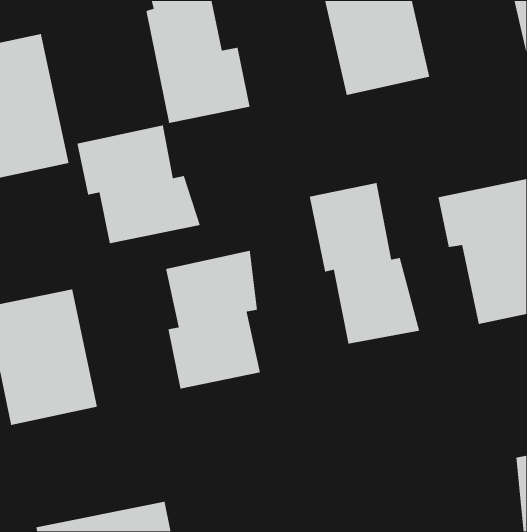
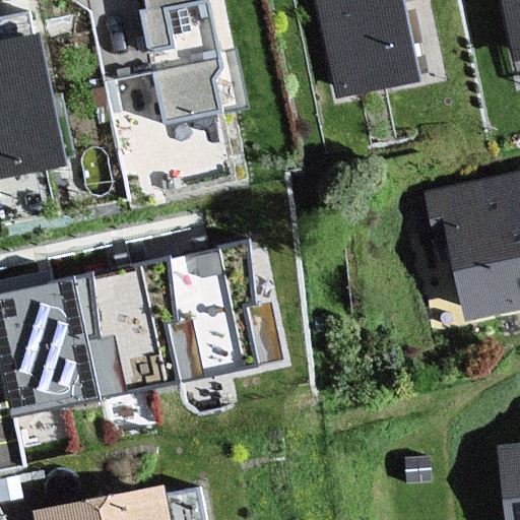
building: [77,125,201,244] -> none
building: [309,182,420,344] -> none
building: none -> [71,262,176,397]

